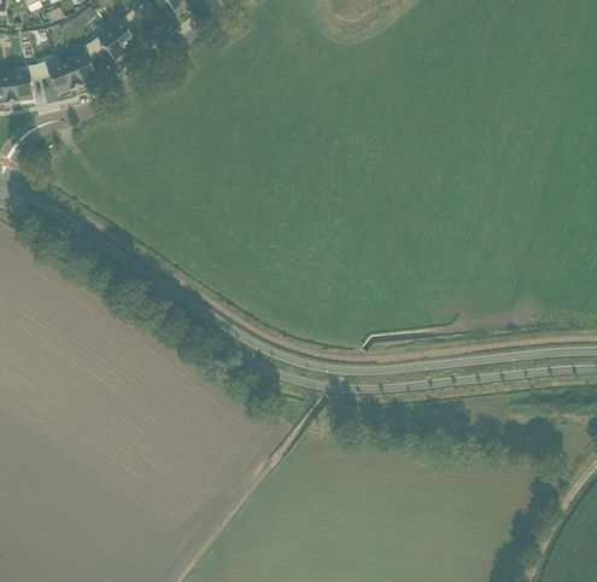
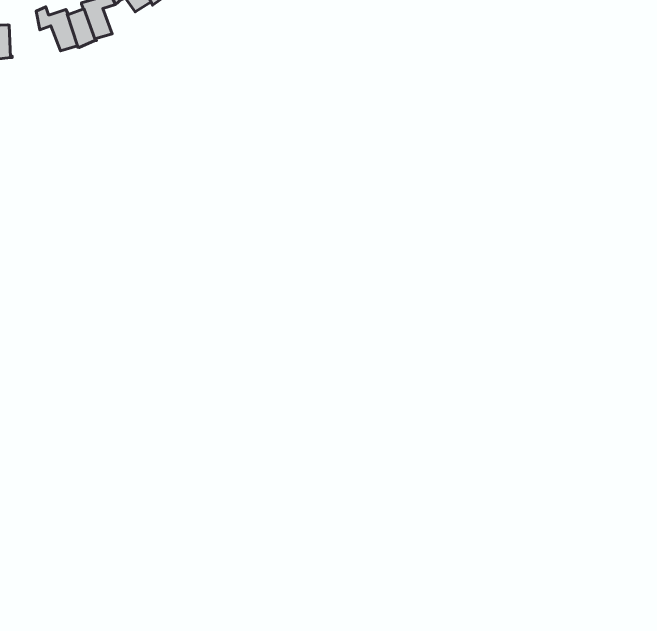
building: [12,64,39,101] -> none

